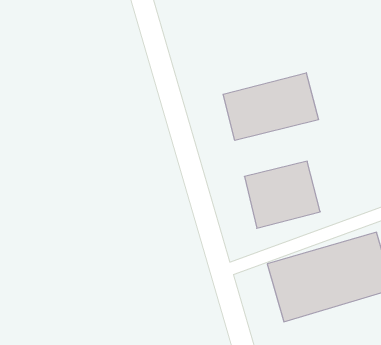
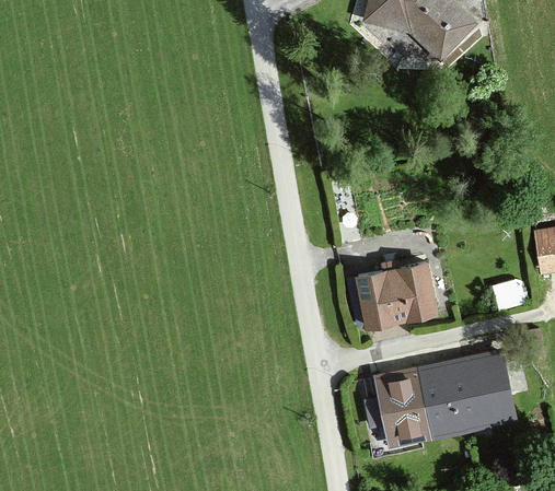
building: [223,73,318,140] -> none

